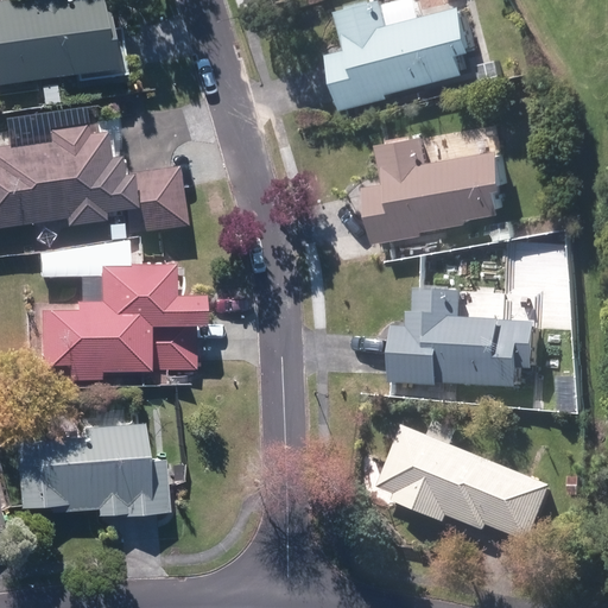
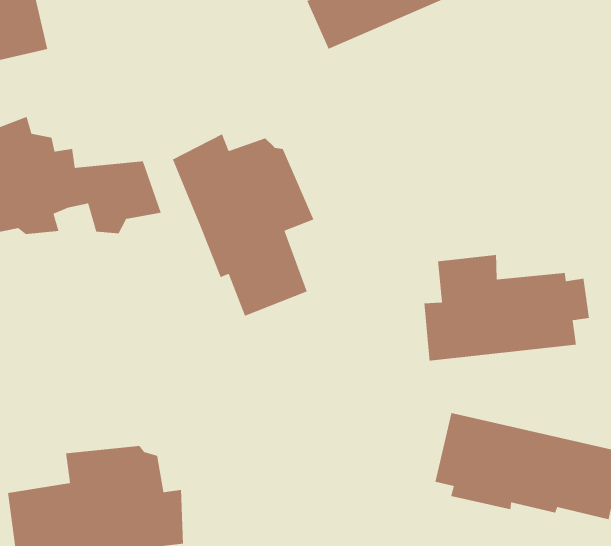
building: [365,129,499,242] -> none
building: none -> [172,133,314,317]
building: [39,266,192,375] -> none

